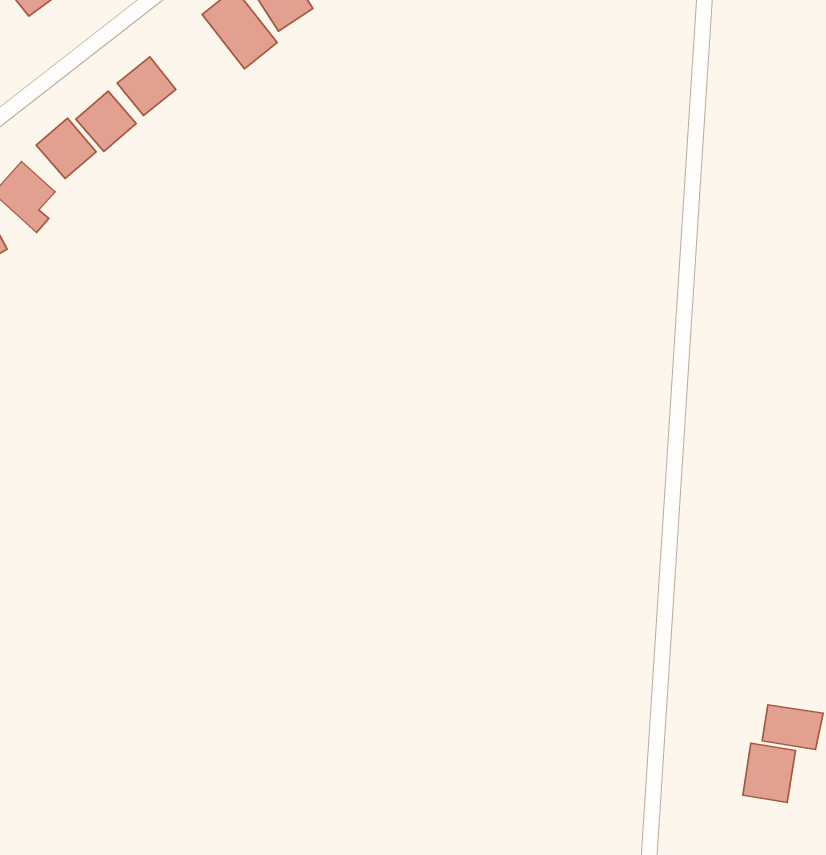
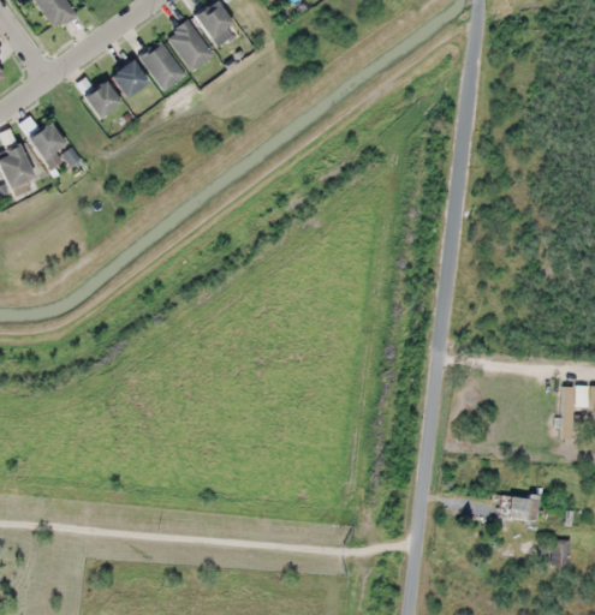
building: none -> [142,42,186,92]
building: [36,118,96,179] -> none
building: [743,743,795,803] -> none

